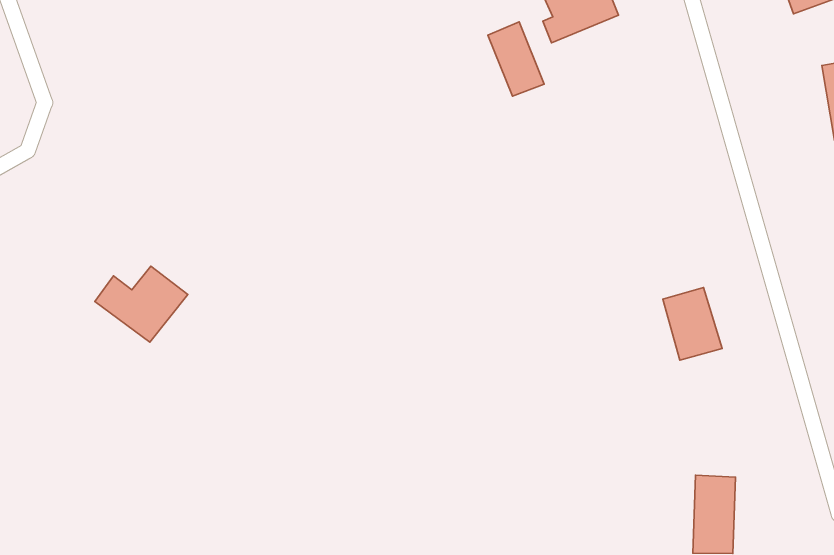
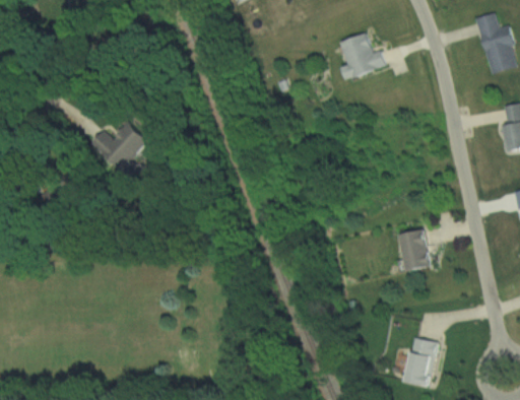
building: [488,22,544,96] -> none
building: [95,266,188,342] -> [86,126,141,171]

